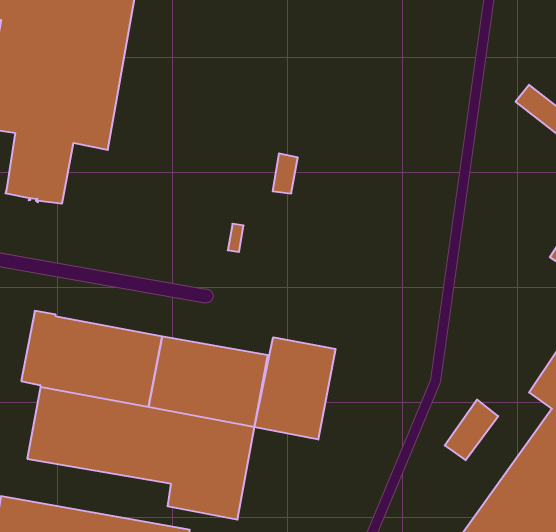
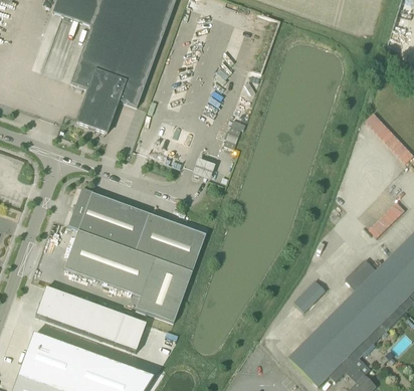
building: [255,337,336,440] -> none

